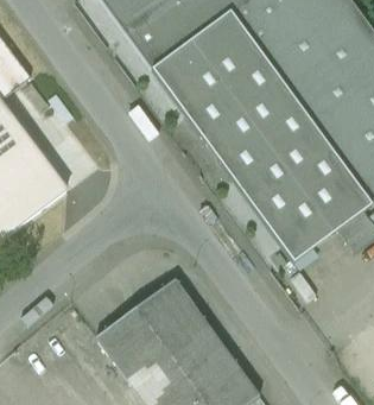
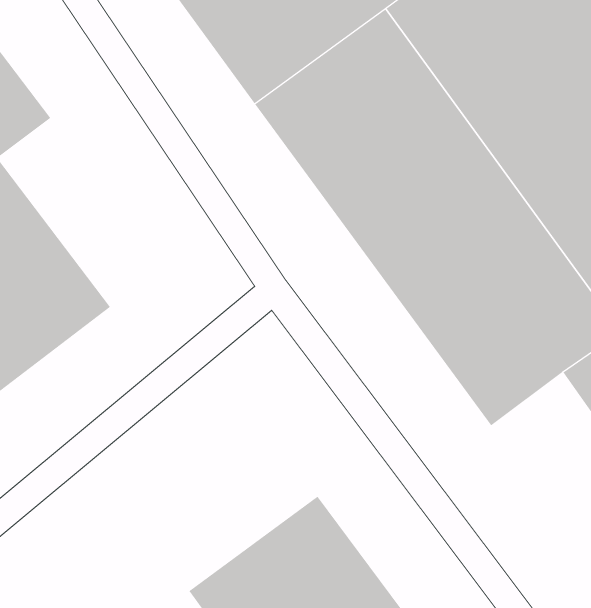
building: [97,280,191,360] -> none

